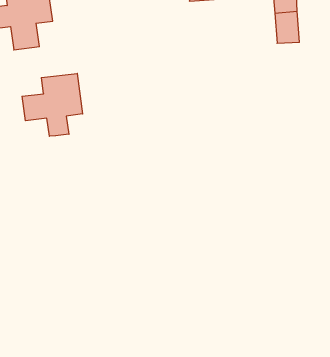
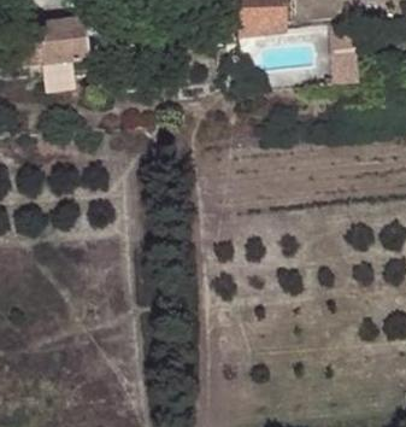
building: [22,73,83,136] -> none

